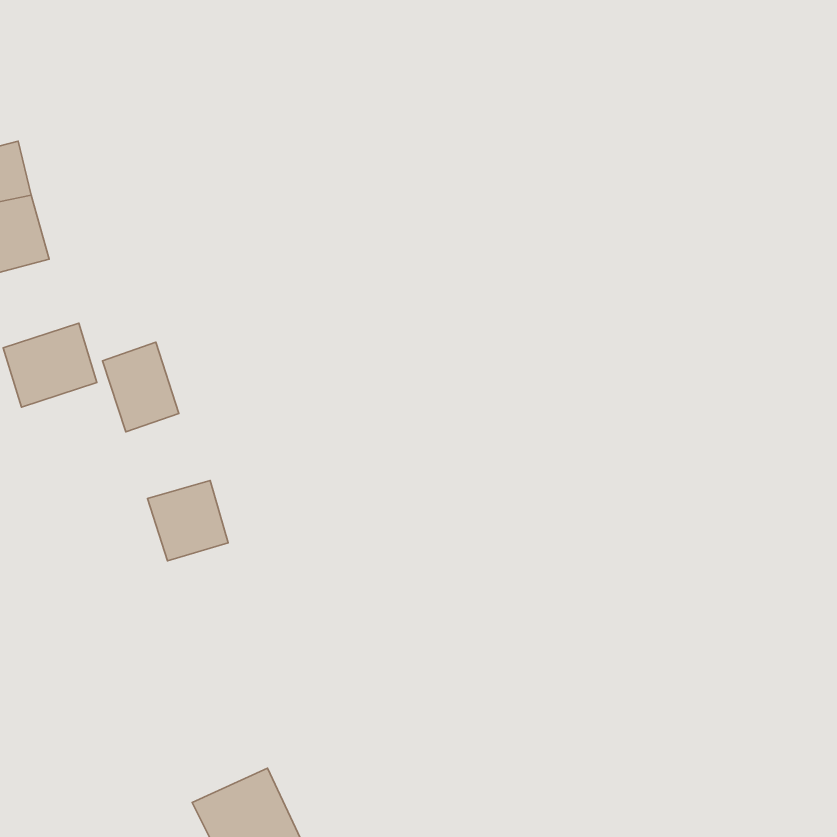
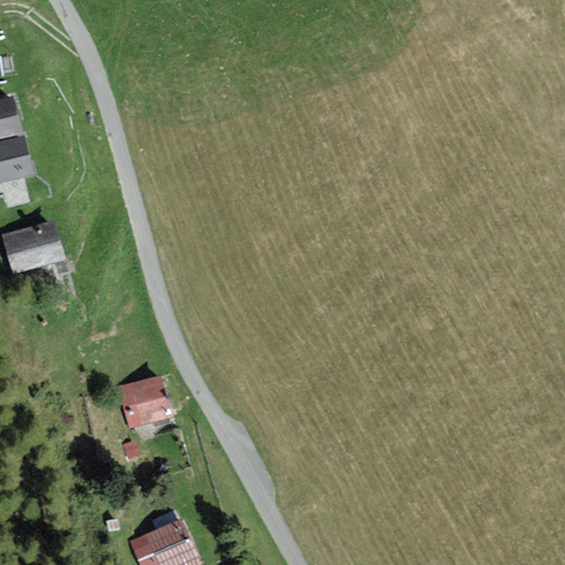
building: [103,342,179,432] -> none
building: [148,480,228,561] -> [117,375,171,429]

